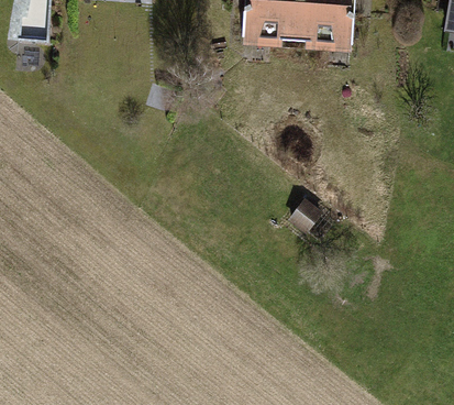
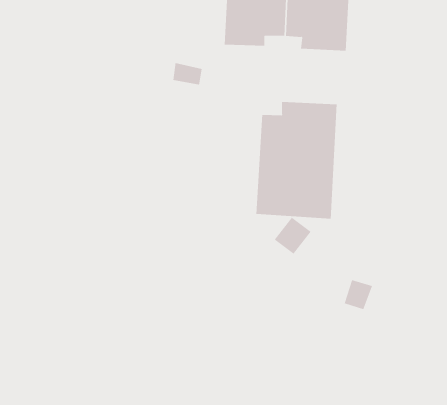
building: none -> [256,101,337,219]

